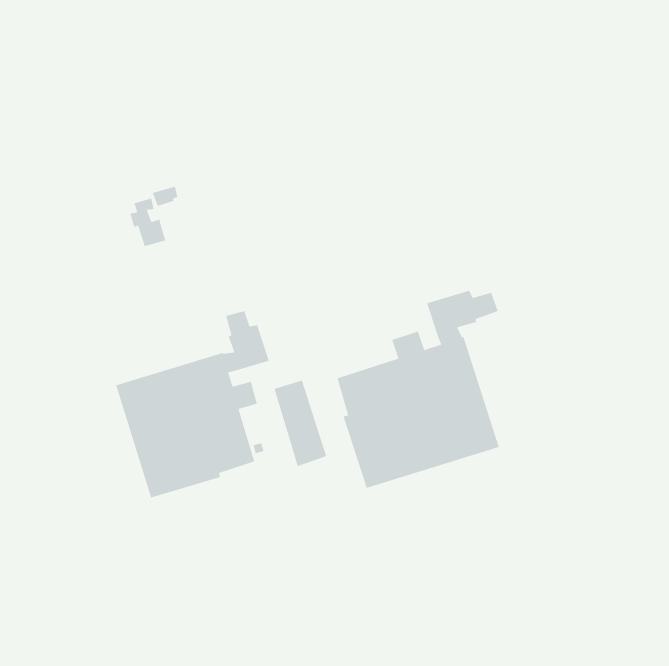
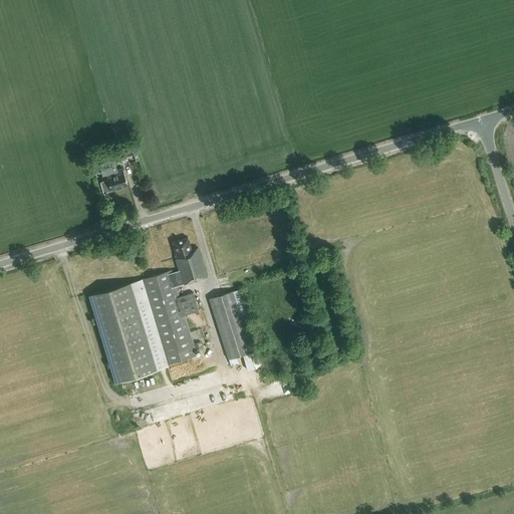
building: [337,290,500,489] -> none

